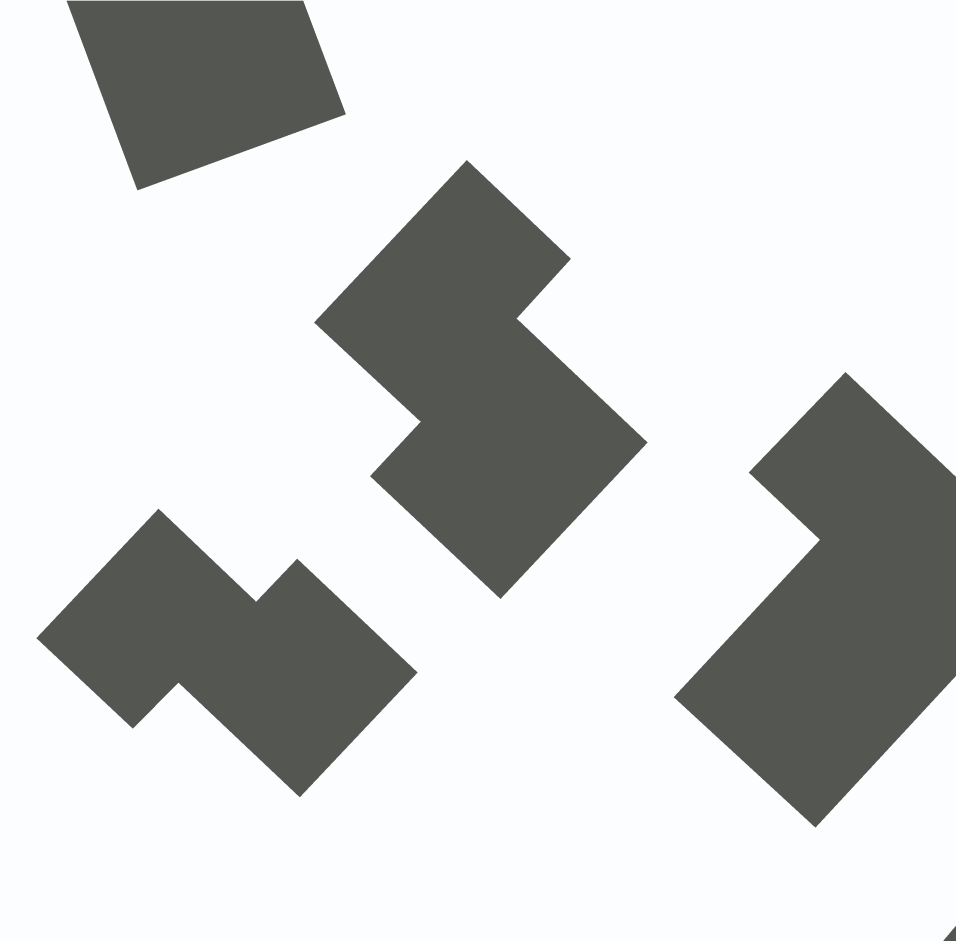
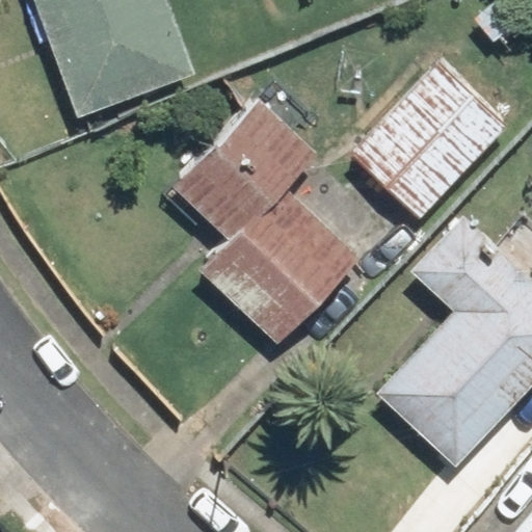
building: none -> [351,62,508,222]
building: [35,508,419,798] -> none

